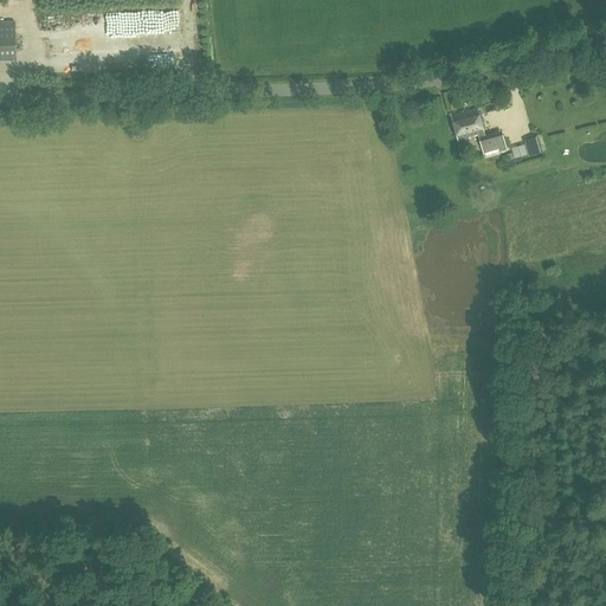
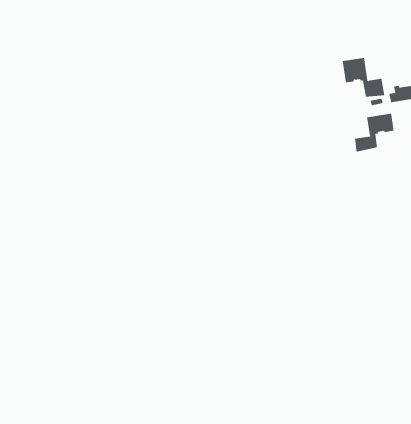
building: none -> [354,113,394,152]

